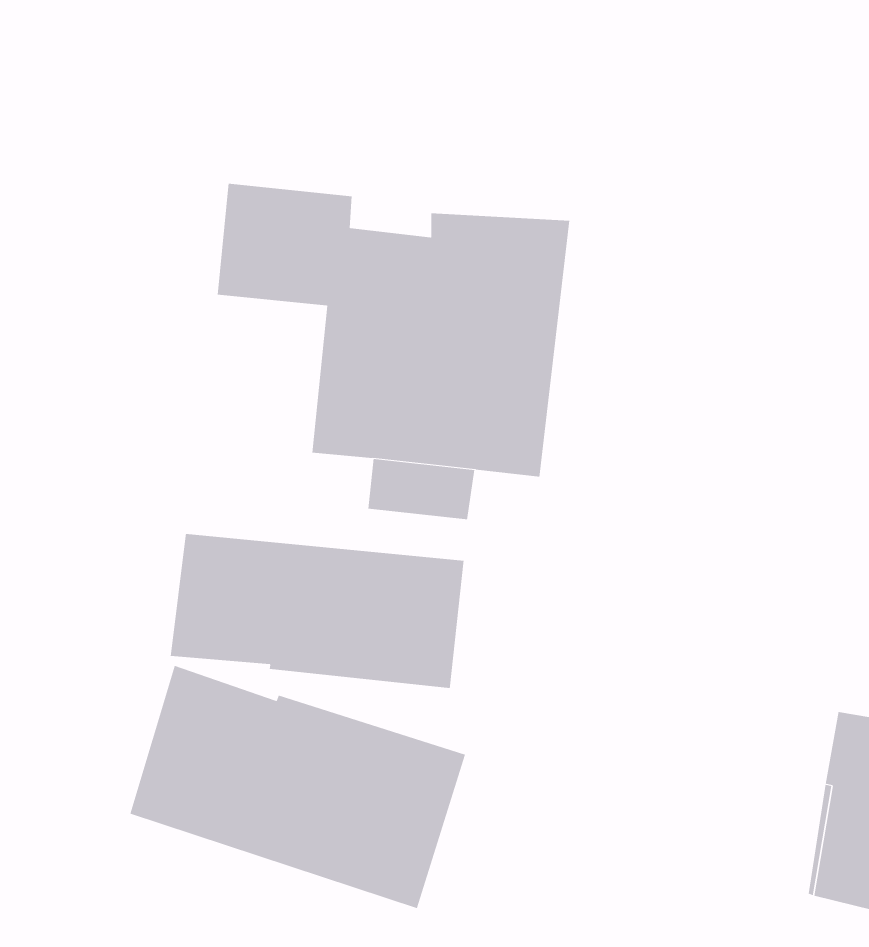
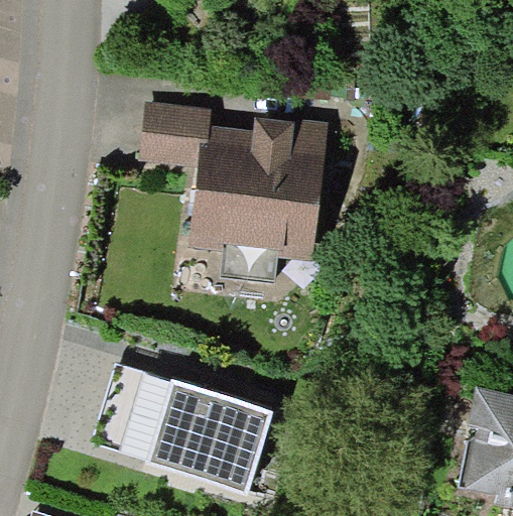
building: [170,533,464,689] -> none

